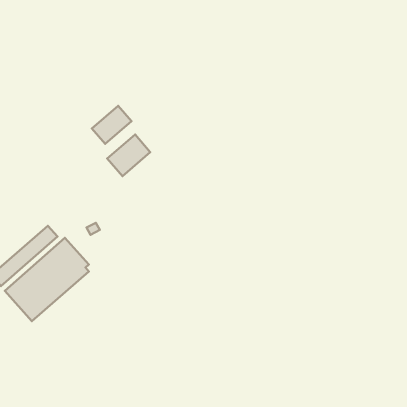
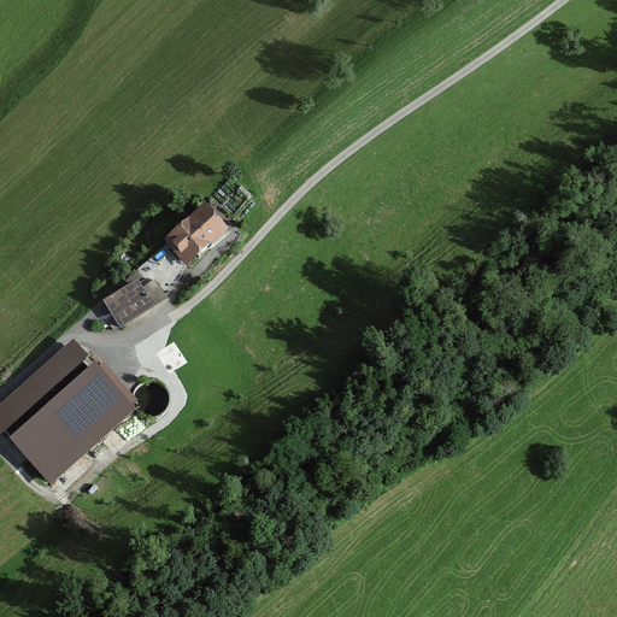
building: [92,106,131,144] -> none
building: none -> [101,276,166,327]

